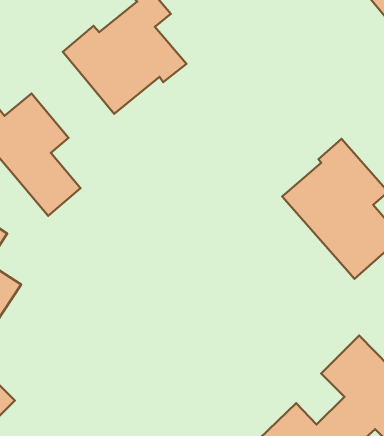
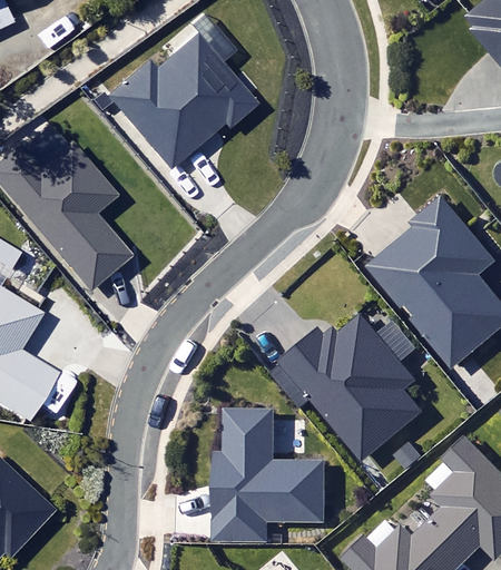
building: none -> [284,314,423,460]
building: none -> [216,411,325,541]

